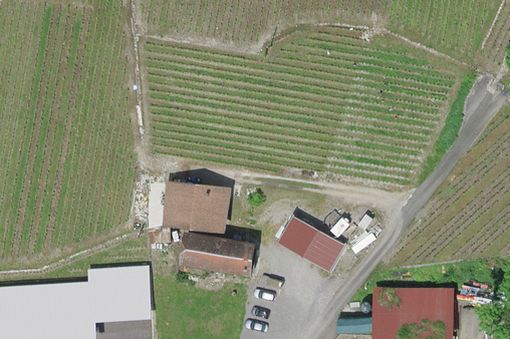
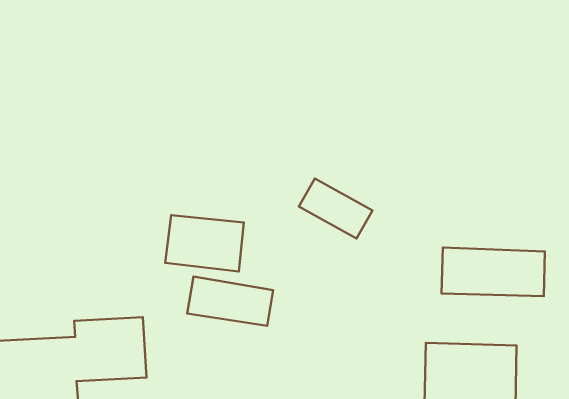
building: none -> [442,247,545,296]
building: [279,218,339,267] -> [299,178,373,239]

